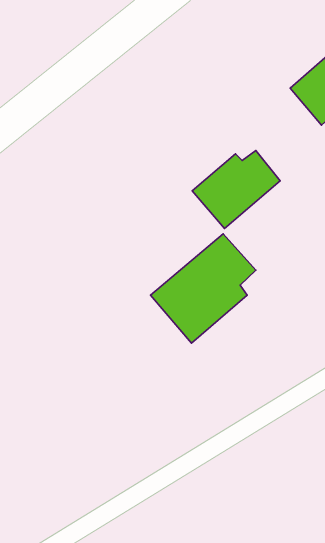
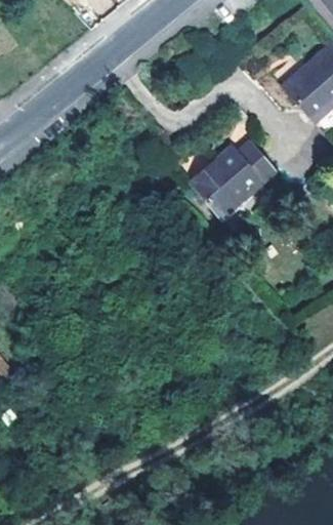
building: [150,234,256,343] -> none

